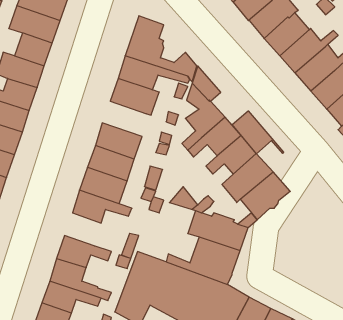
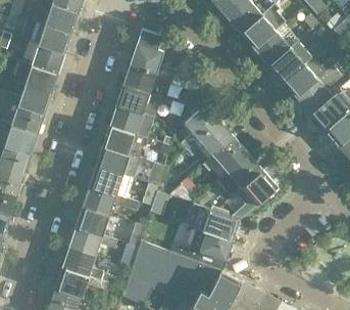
building: none -> [109,105,152,137]
building: [232,111,284,154] -> none
building: none -> [76,206,108,235]

